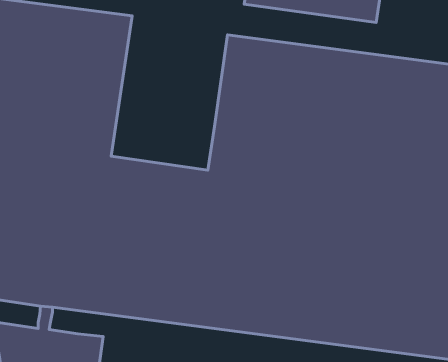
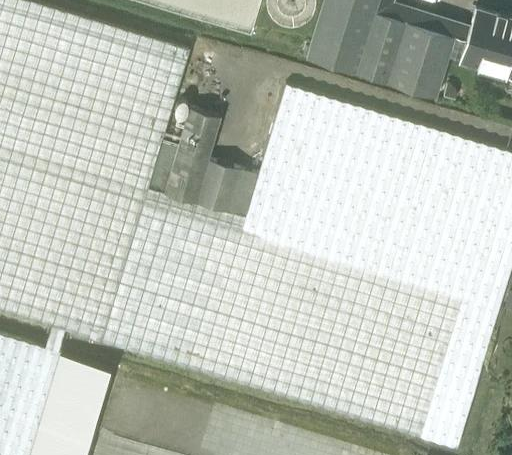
building: none -> [146,110,255,218]

